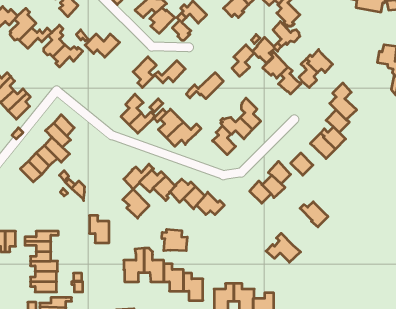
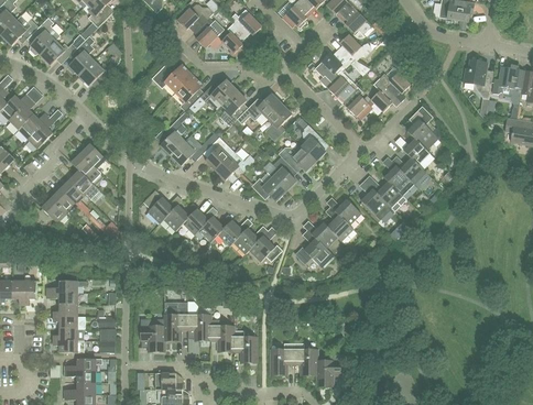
building: [85,34,120,57] -> [151,65,192,92]
building: [232,45,254,76] -> [264,103,291,141]
building: none -> [219,89,246,125]
building: none -> [250,172,285,200]
building: [123,189,149,218] -> [142,189,173,223]
building: [300,202,328,227] -> [372,180,405,210]
building: [89,216,109,243] -> [141,319,164,351]
building: [162,229,187,251] -> none
building: [266,233,301,262] -> [294,233,335,267]

